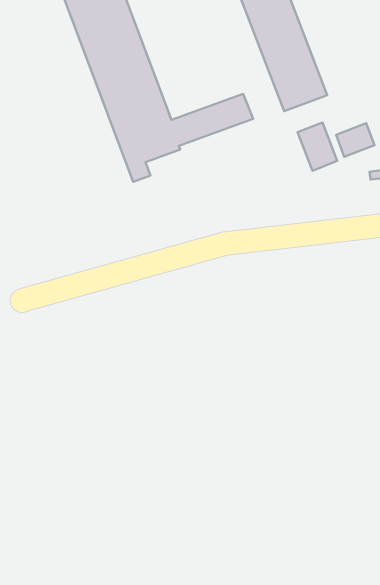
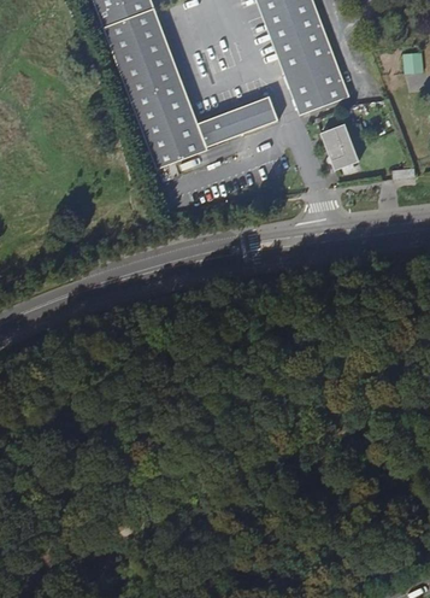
building: [336,123,374,157] -> none

